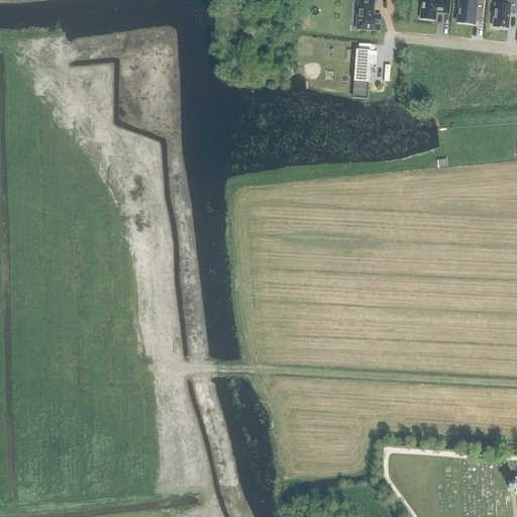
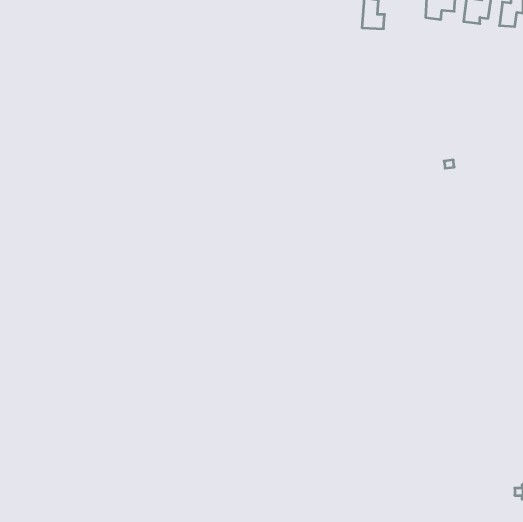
building: [354,48,376,98] -> none

